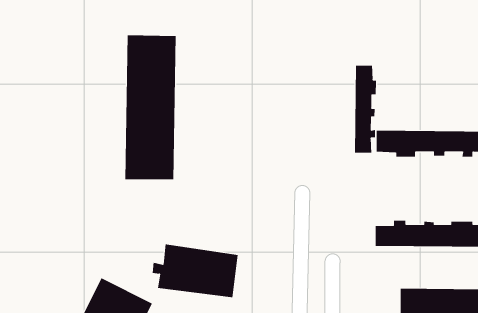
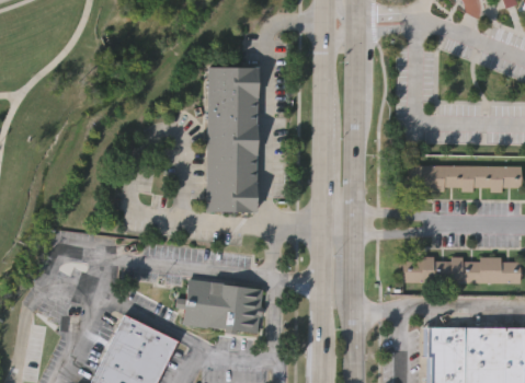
building: [125,35,176,180] -> [206,68,259,214]
building: [355,65,377,154] -> none

